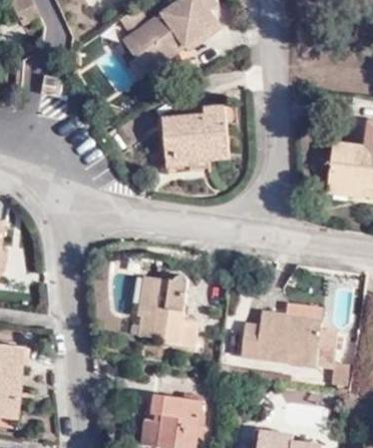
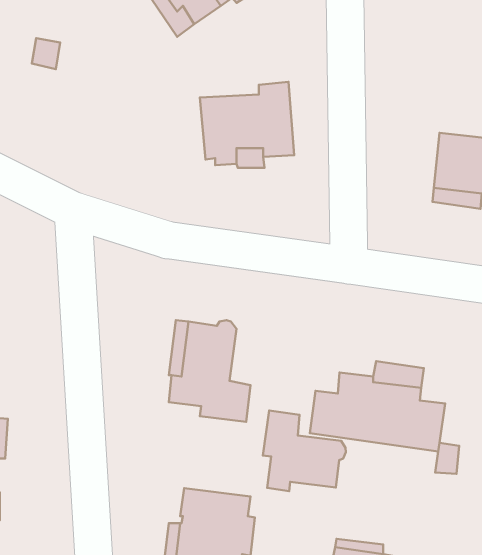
building: none -> [263,410,346,491]

